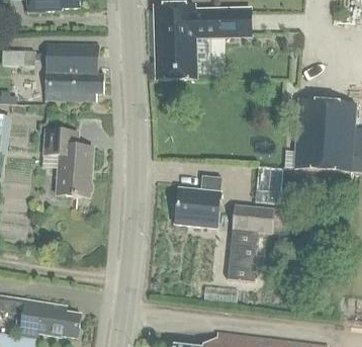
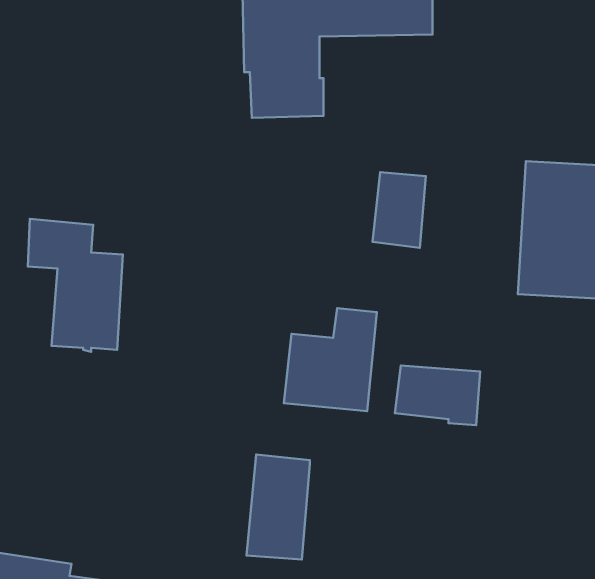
building: [44,42,105,99] -> none
building: [255,165,282,203] -> [372,172,426,248]
building: [227,228,259,281] -> [246,454,310,559]

